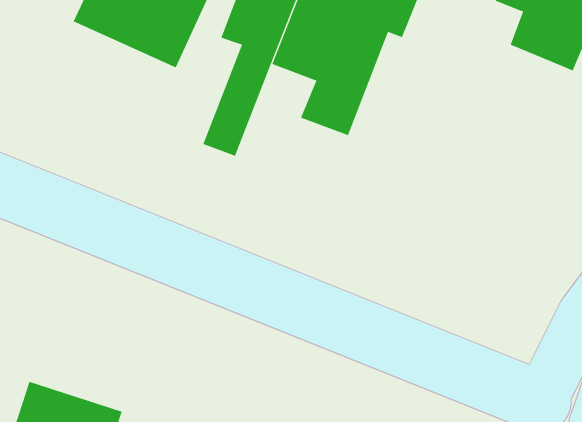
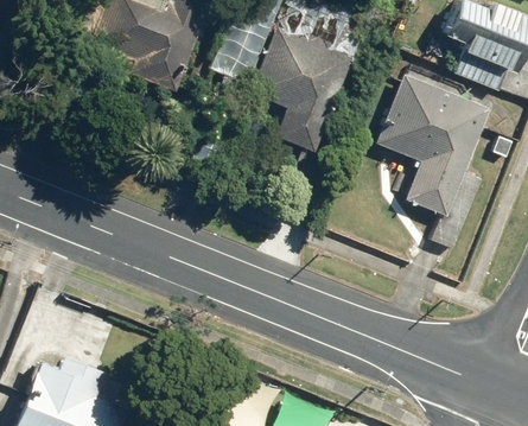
building: none -> [371,74,489,247]

